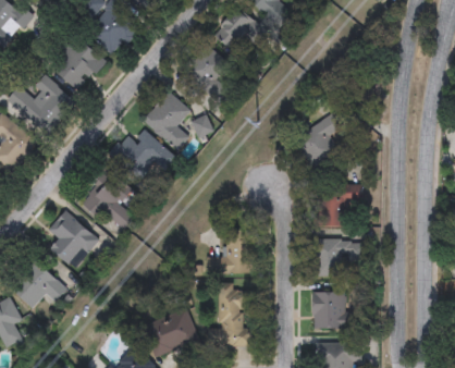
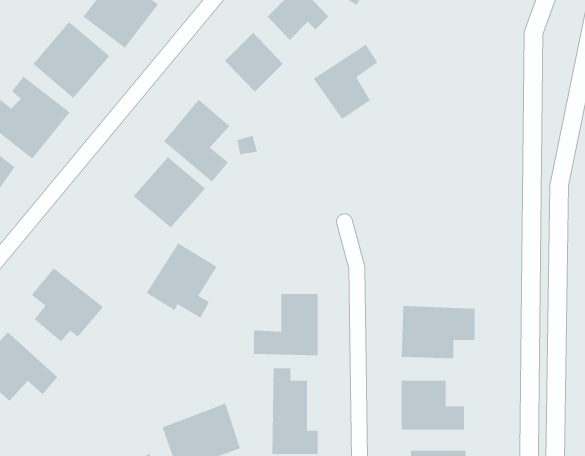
building: [297,111,344,165] -> [313,44,378,120]
building: [82,169,133,223] -> [146,243,217,319]
building: [318,184,362,228] -> none

